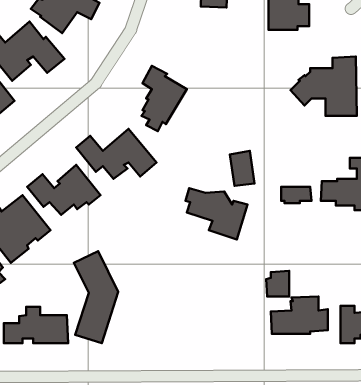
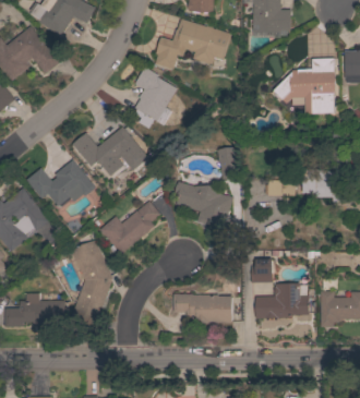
building: none -> [155,19,230,69]
building: none -> [100,201,160,254]
building: none -> [169,293,231,323]

